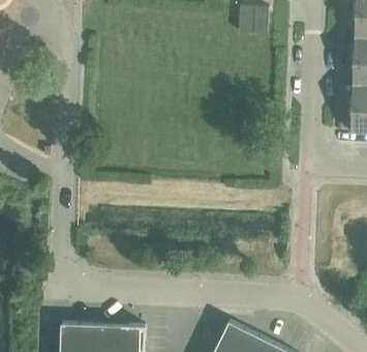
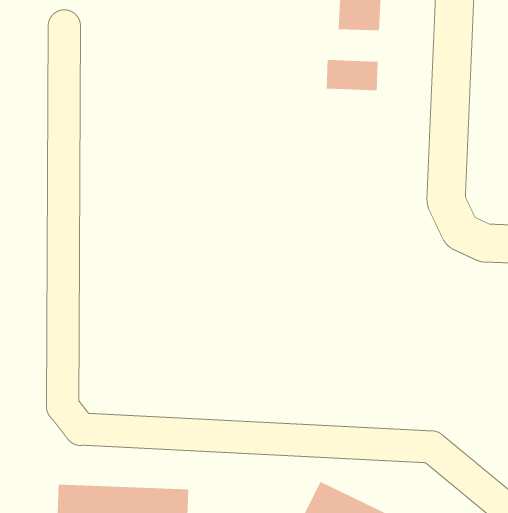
building: none -> [326,59,378,91]

